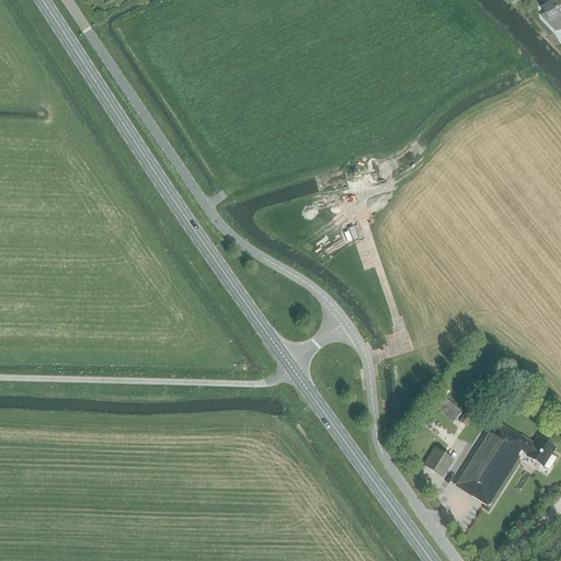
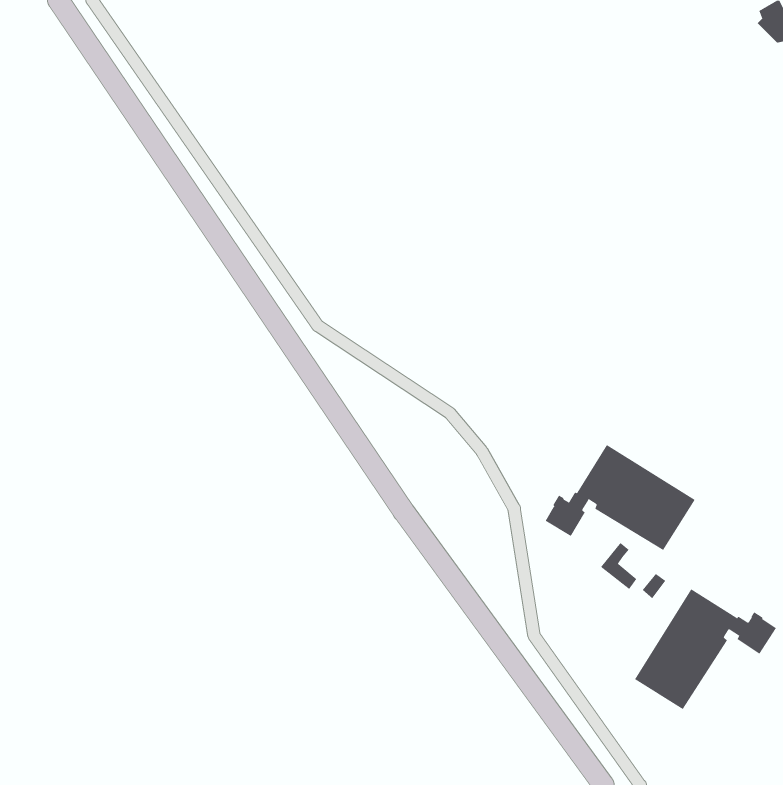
building: none -> [545,444,695,551]
building: [425,448,454,477] -> none

